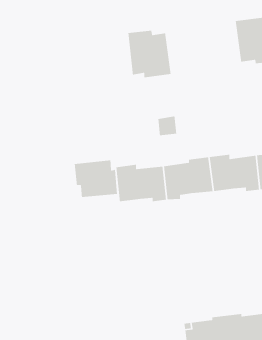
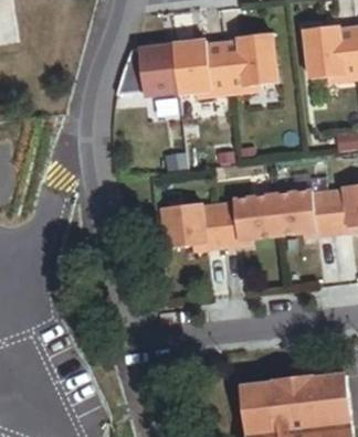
building: none -> [221,34,275,94]
building: none -> [119,44,181,98]
building: [74,159,118,198] -> none

